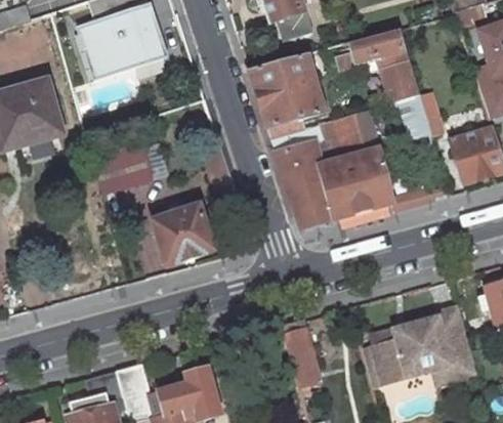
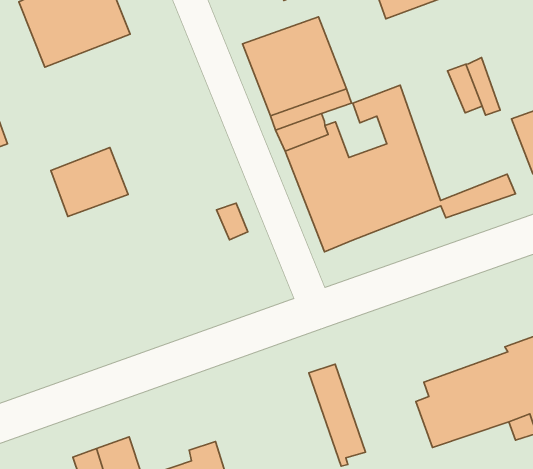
building: [384,60,420,103] -> none
building: [152,202,215,264] -> none

